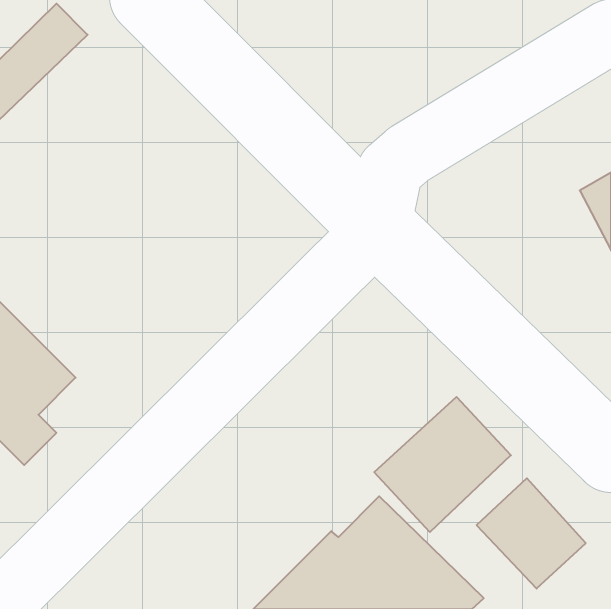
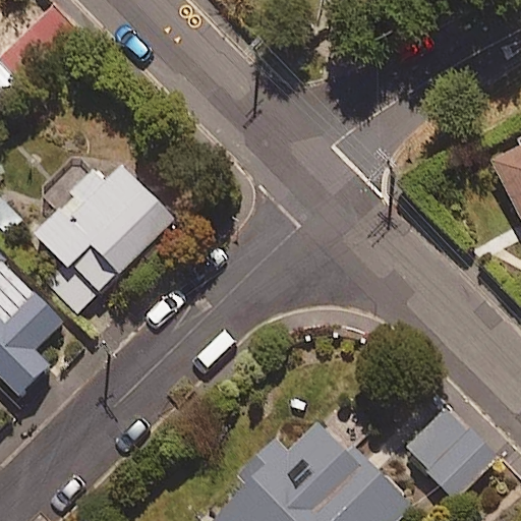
building: none -> [35,156,175,312]
building: [374,397,511,532] -> none

